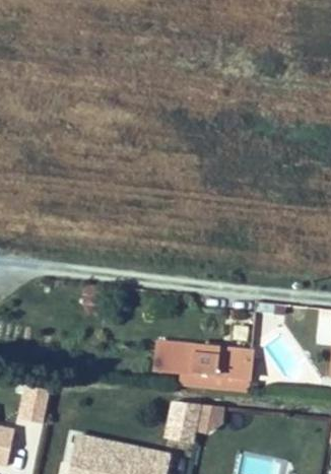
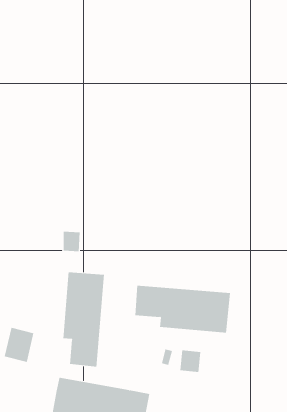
building: none -> [63,272,104,367]

